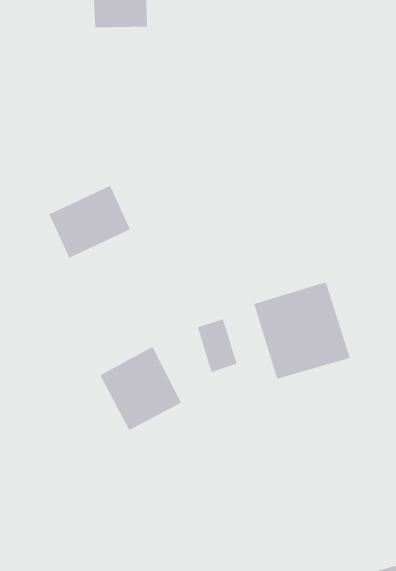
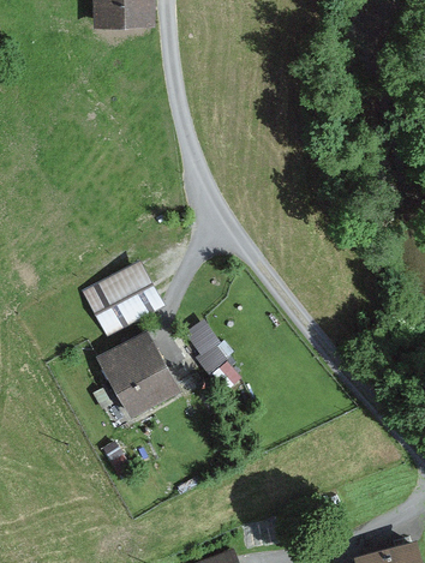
building: [49,185,131,258] -> [82,268,160,337]
building: [254,282,351,380] -> none

